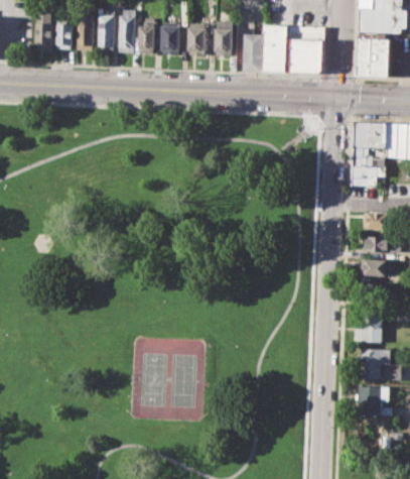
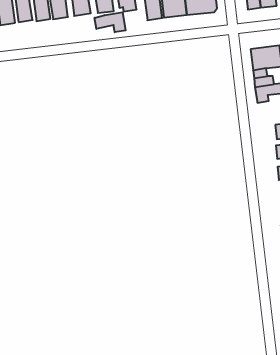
building: none -> [95,12,126,32]

